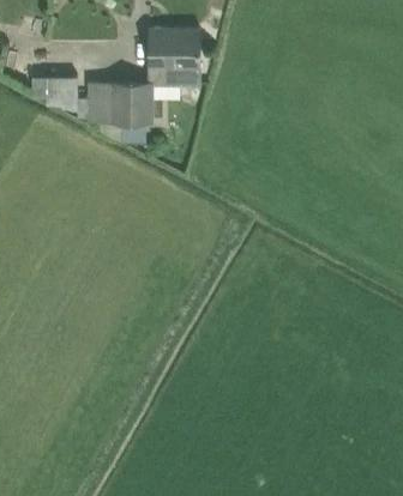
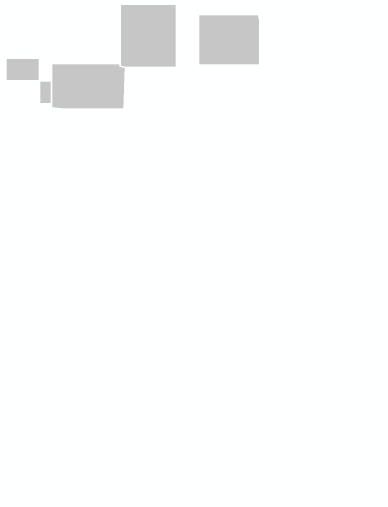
building: none -> [198,15,260,65]

